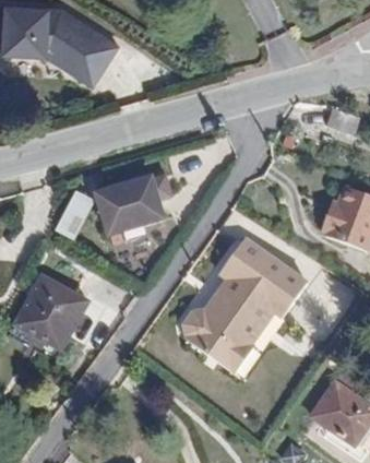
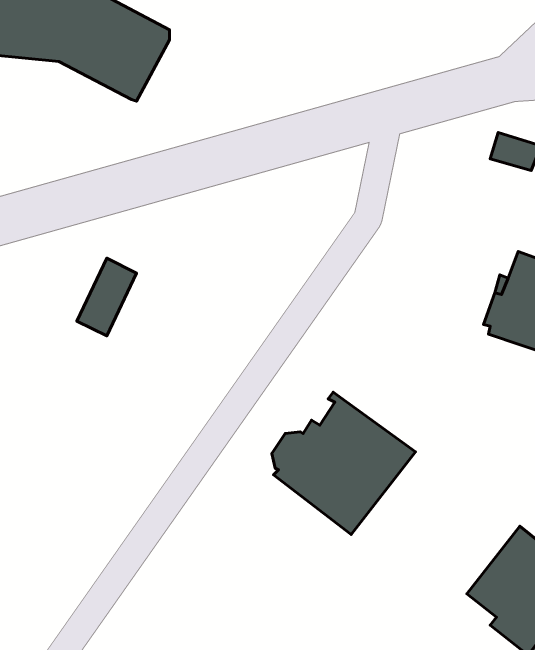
building: [96,178,160,233] -> none
building: [218,235,306,319] -> none
building: [16,277,85,348] -> none

